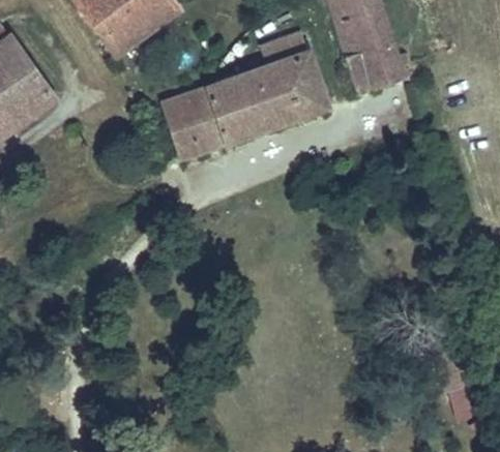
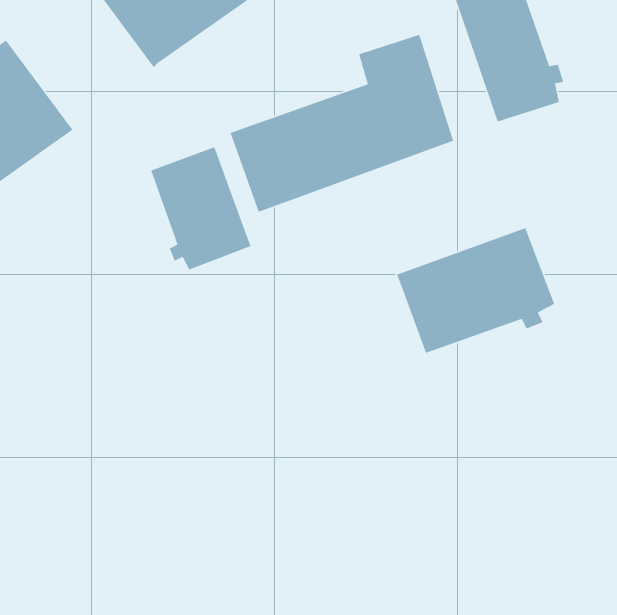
building: none -> [150,146,251,270]
building: none -> [396,227,555,354]

